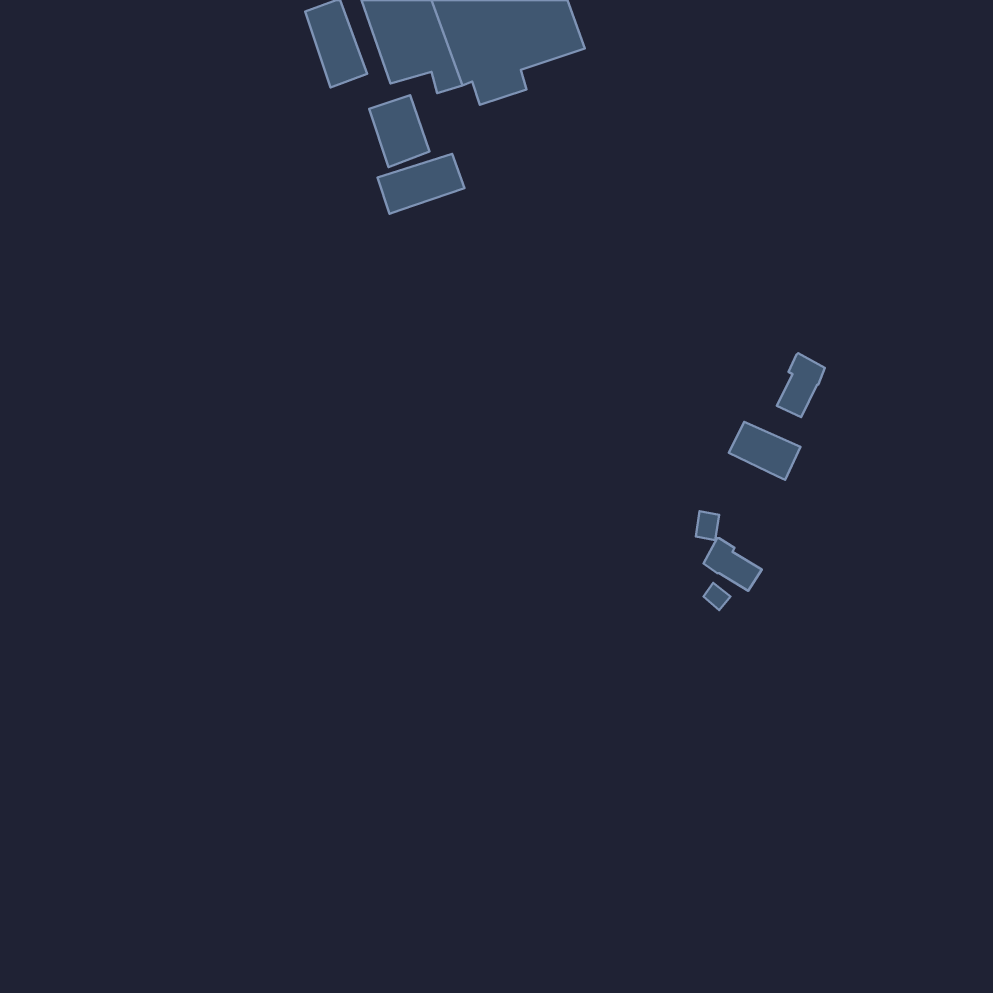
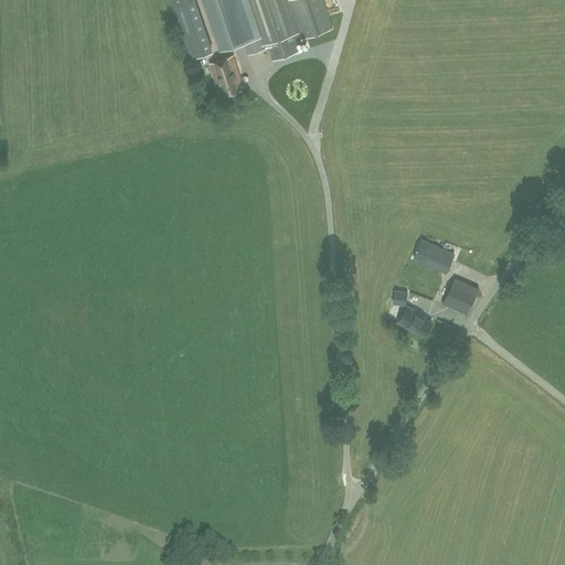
building: [377,154,465,214] -> none
building: [777,353,825,417] -> none
building: none -> [443,278,478,315]

